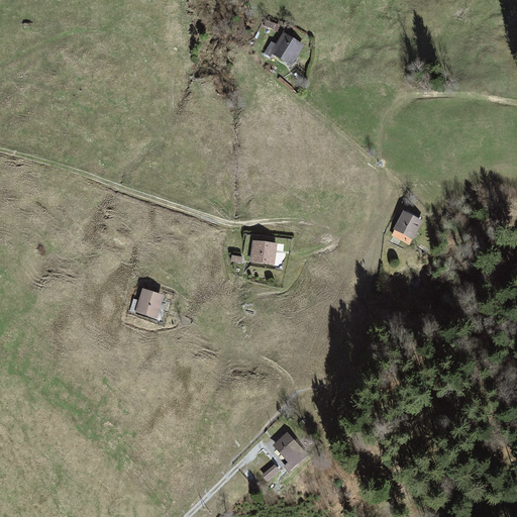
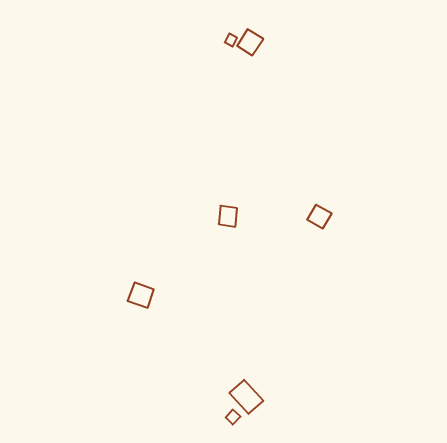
building: [394,213,422,240] -> [307,205,332,228]
building: [134,288,165,317] -> [127,282,154,308]

